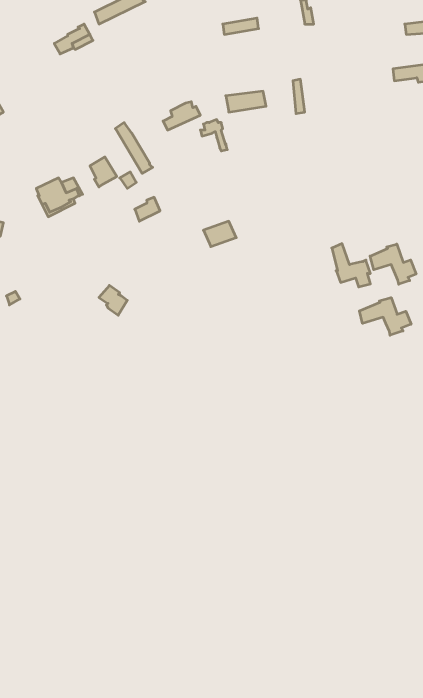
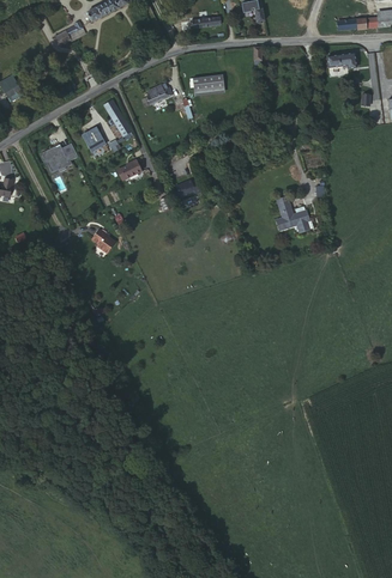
building: [370,244,416,284] -> none
building: [359,298,411,335] -> none

